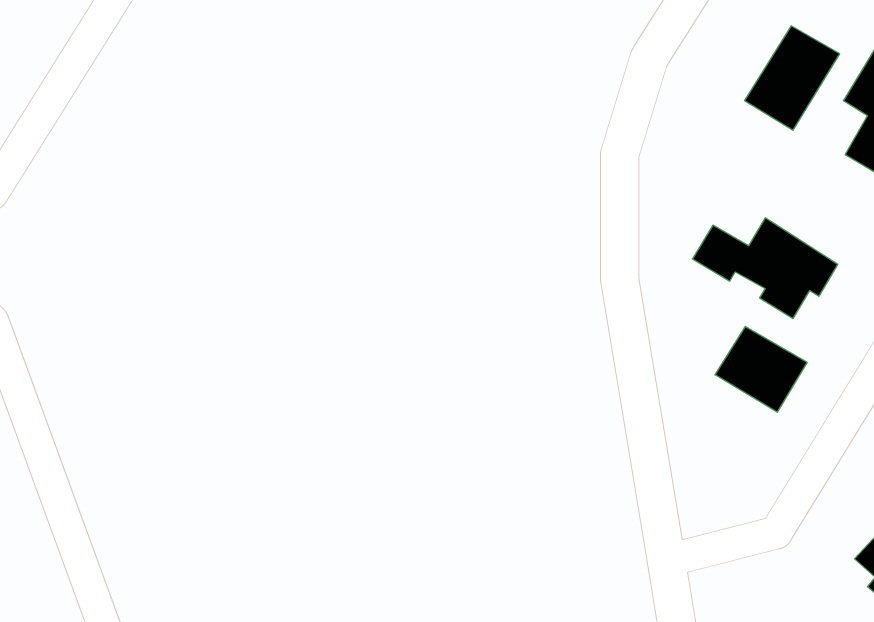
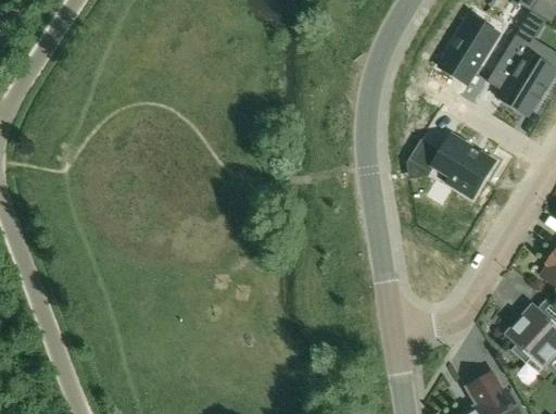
building: [715,326,807,412] -> none

